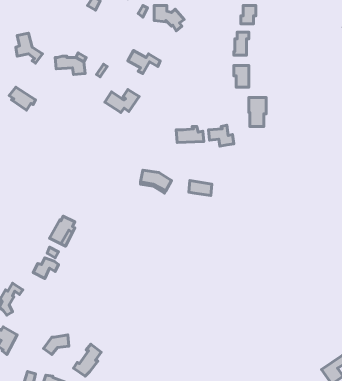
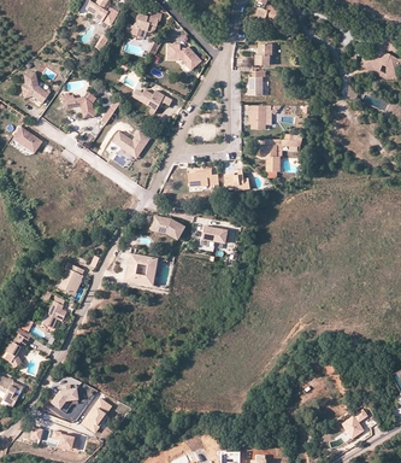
building: none -> [124,253,157,286]

